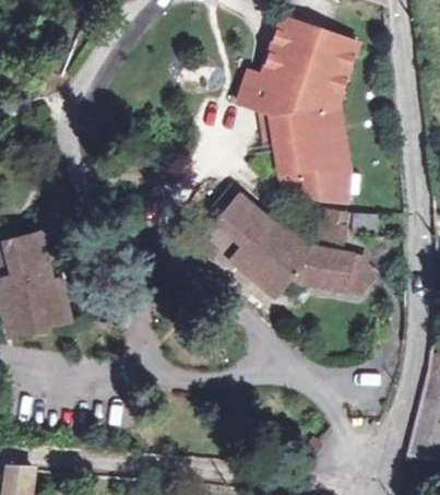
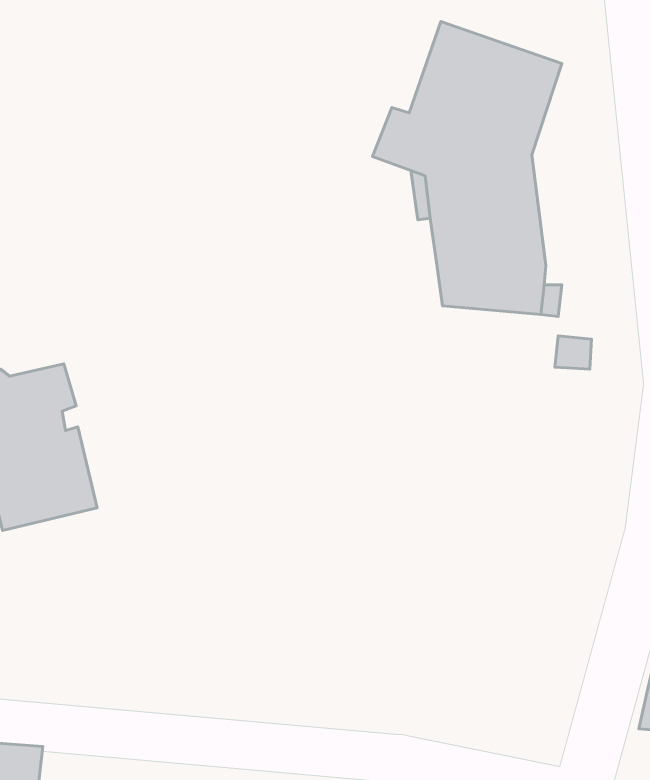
building: [206,187,373,295] -> none

